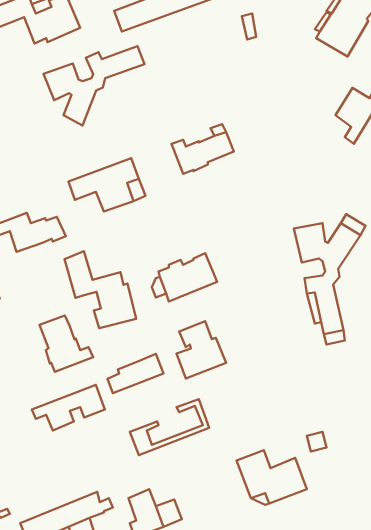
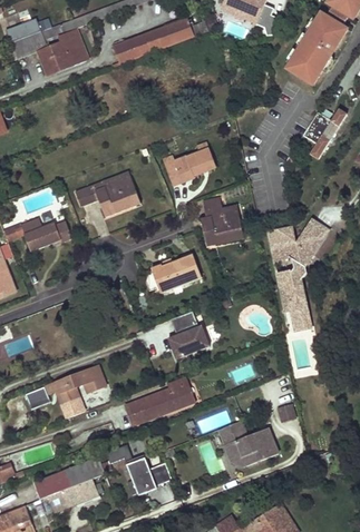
building: [44,46,144,125] -> none
building: none -> [201,197,244,246]
building: [65,251,136,328] -> none
building: [40,315,93,372] -> none
building: [107,354,164,393] -> [142,383,189,416]

